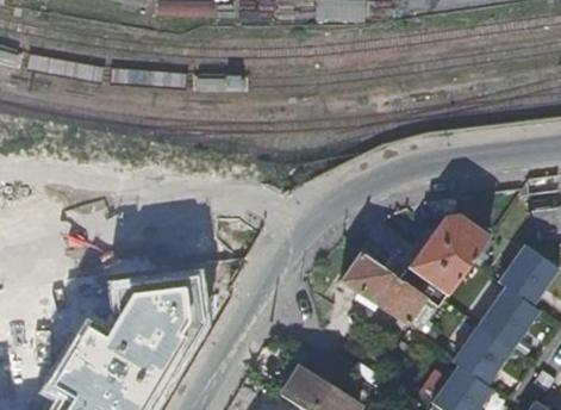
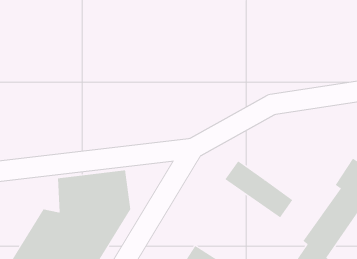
building: [399,211,488,306] -> none

